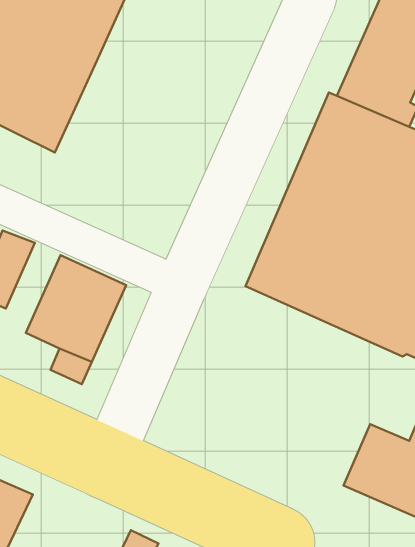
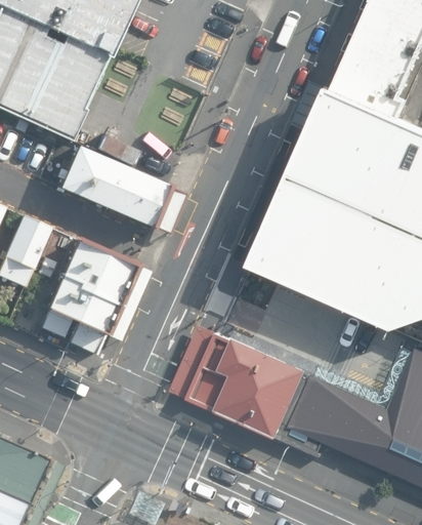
building: none -> [55,144,169,230]
building: none -> [187,329,363,460]

